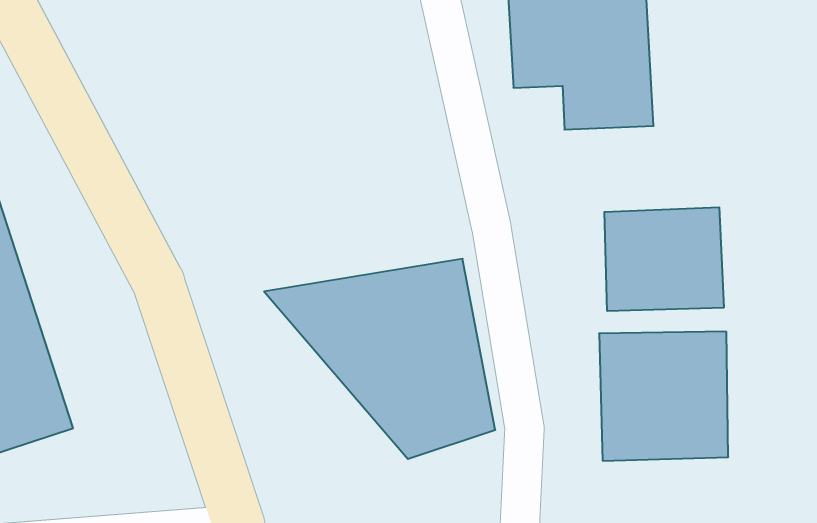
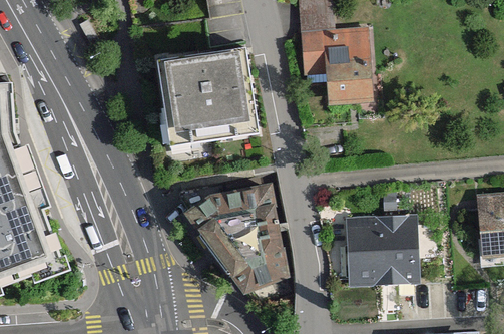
building: none -> [155,49,257,155]
building: [604,207,724,311] -> none

